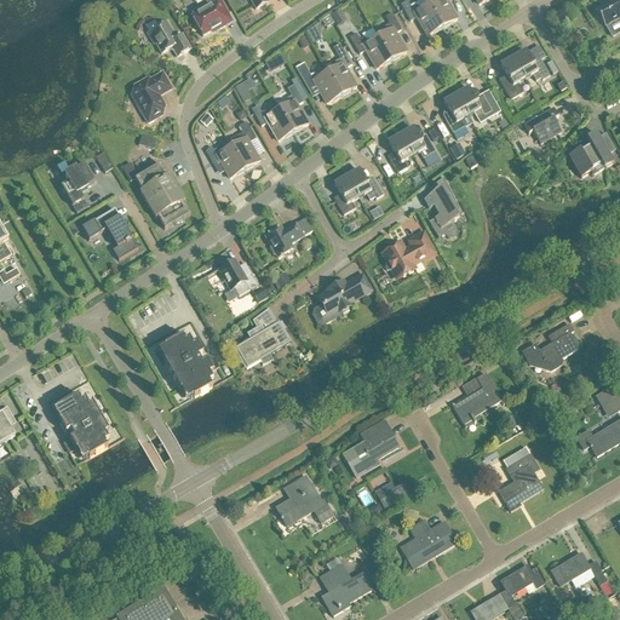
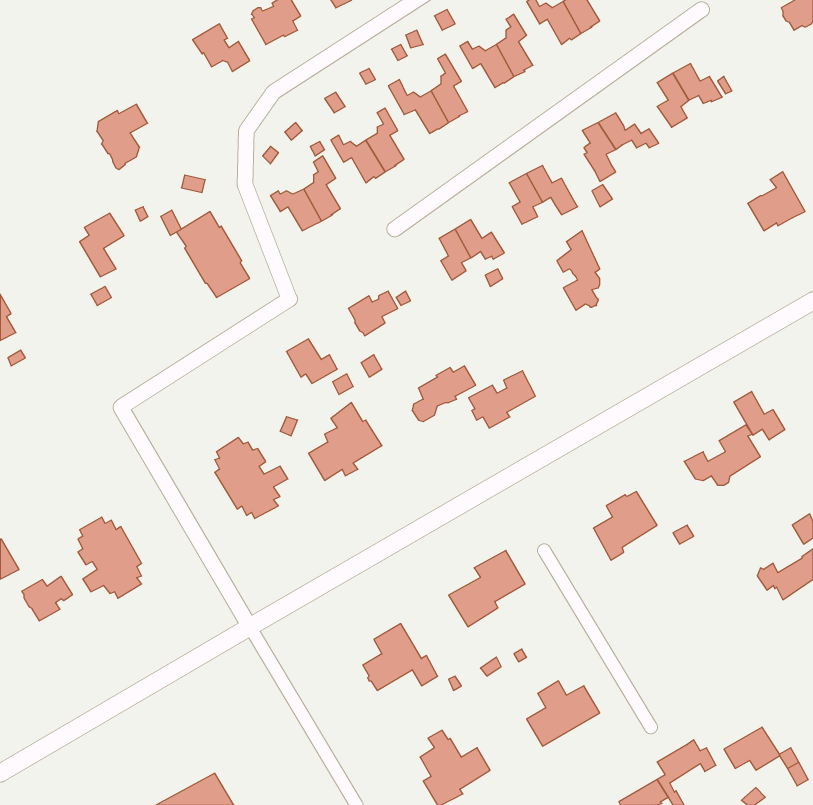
building: [132,71,171,121] -> [97,104,148,169]
building: [523,105,561,142] -> none
building: [93,207,138,258] -> none
building: [383,231,434,275] -> [469,371,535,428]
building: none -> [734,391,785,440]
building: none -> [22,576,72,621]
building: [498,446,542,511] -> none

